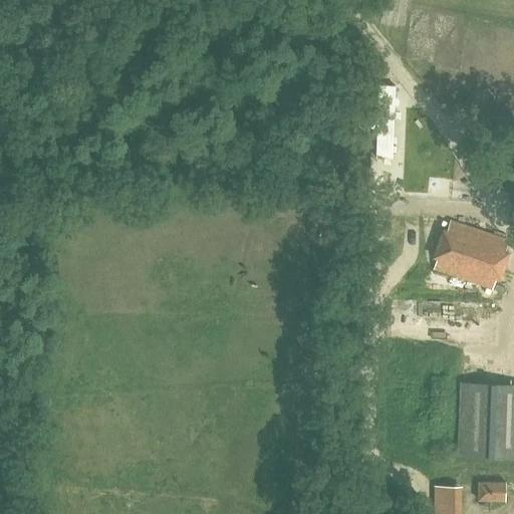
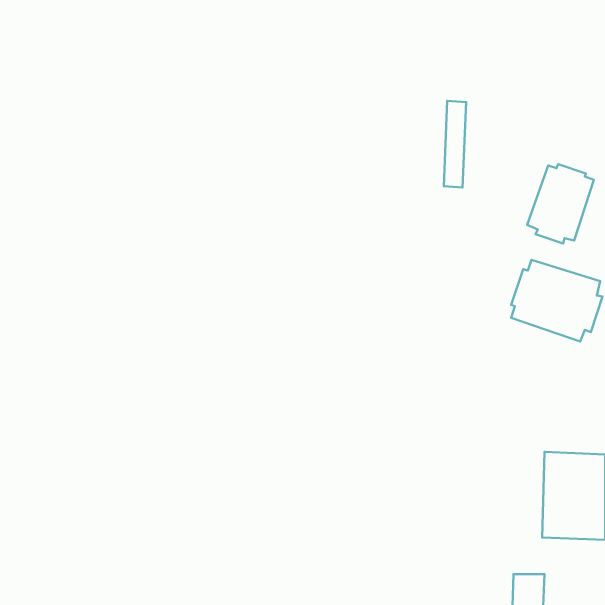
building: none -> [527,164,594,243]
building: [478,482,505,502] -> none

